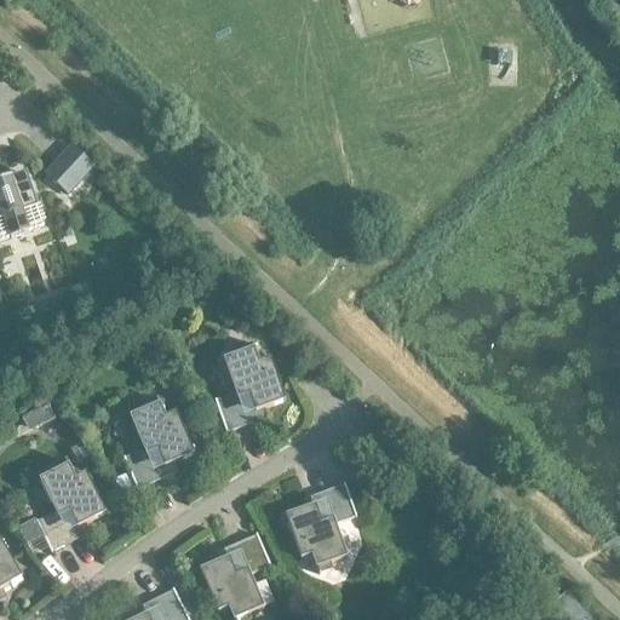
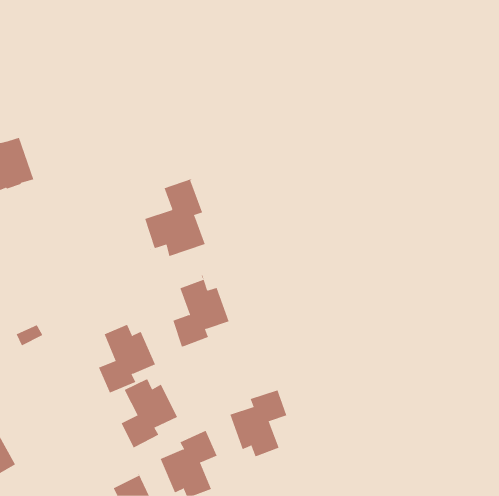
building: [45,138,97,190] -> none
building: none -> [144,178,205,257]
building: [34,457,104,550] -> [121,374,178,449]

